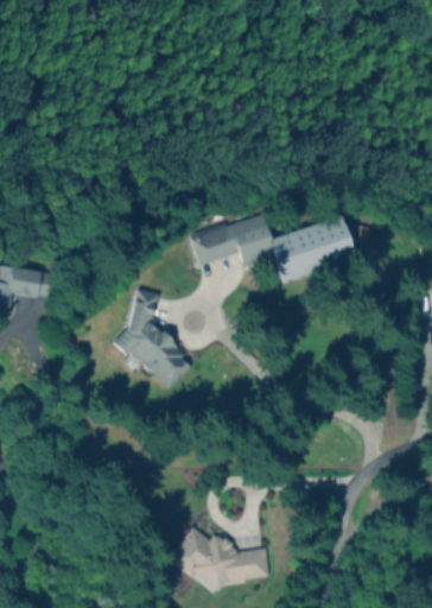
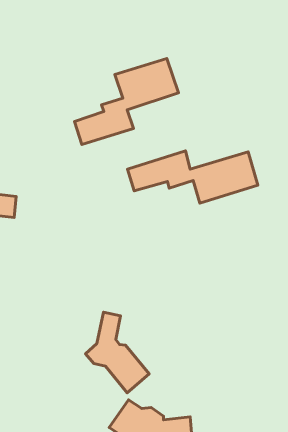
building: none -> [74,58,178,145]
building: [114,289,193,390] -> [85,312,149,393]

